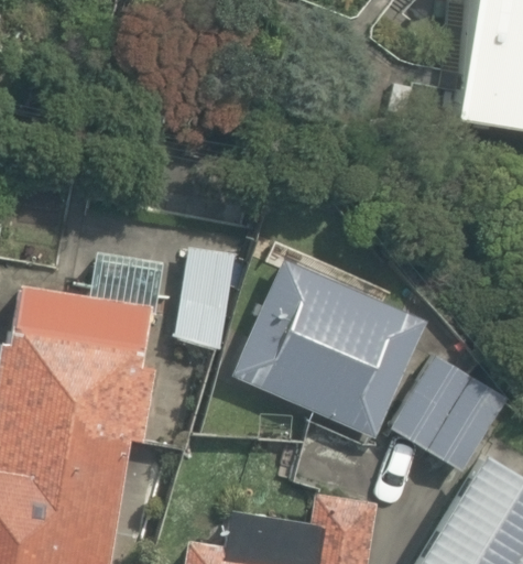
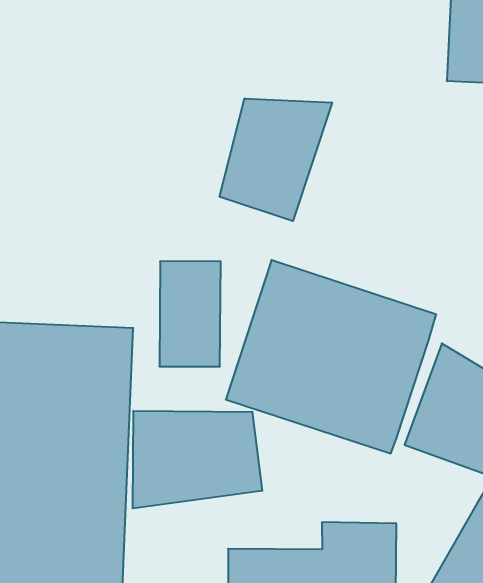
building: none -> [219,98,332,221]
building: none -> [133,411,262,508]

